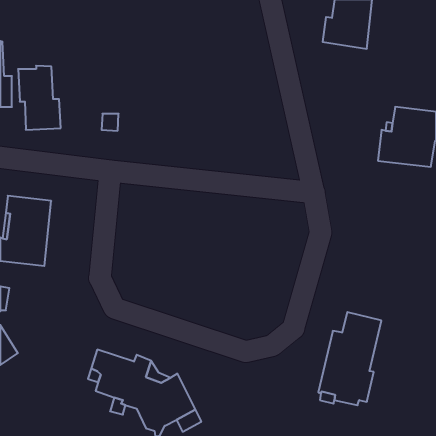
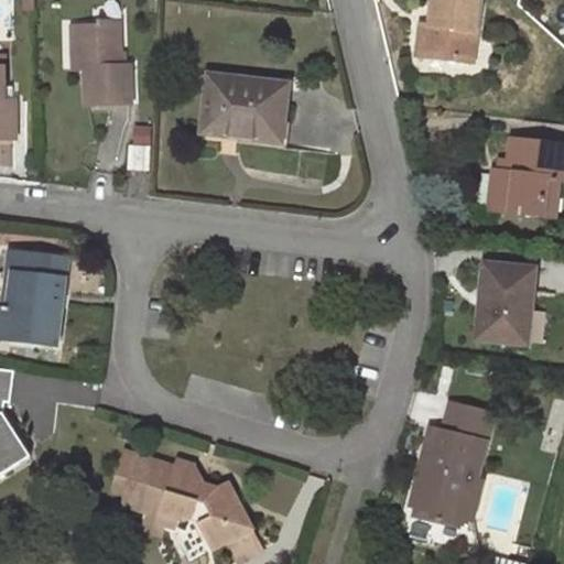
building: none -> [206,74,288,140]
building: [18,66,61,130] -> [77,21,132,104]
building: none -> [481,263,531,340]

